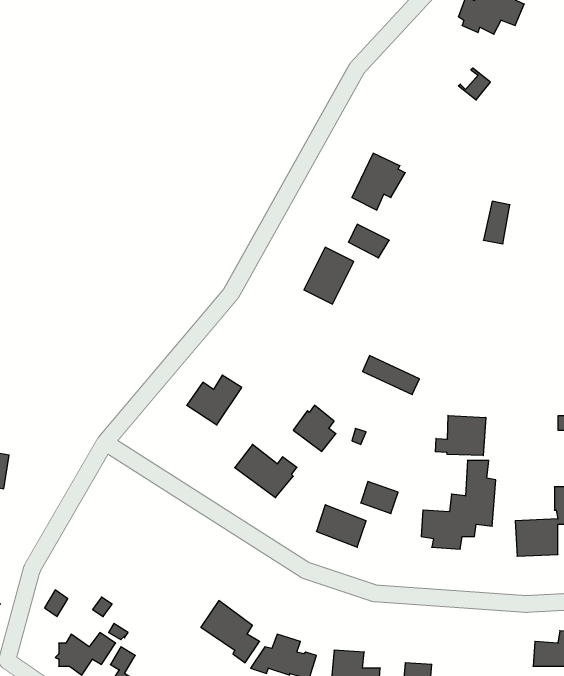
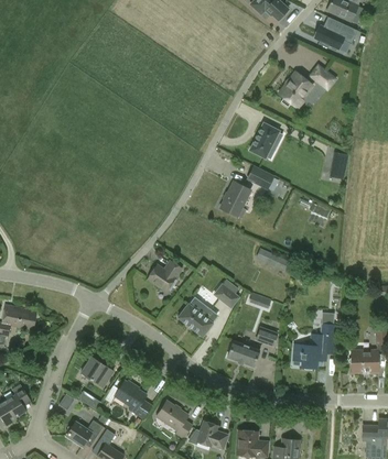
building: none -> [278,72,312,107]
building: [435,415,486,456] -> none
building: none -> [80,357,112,386]
building: none -> [114,380,151,418]

